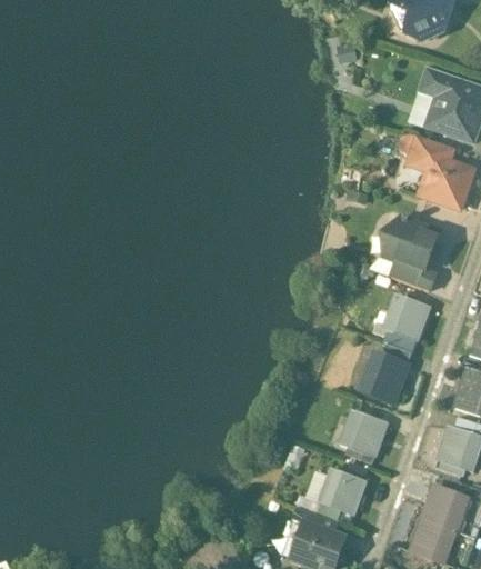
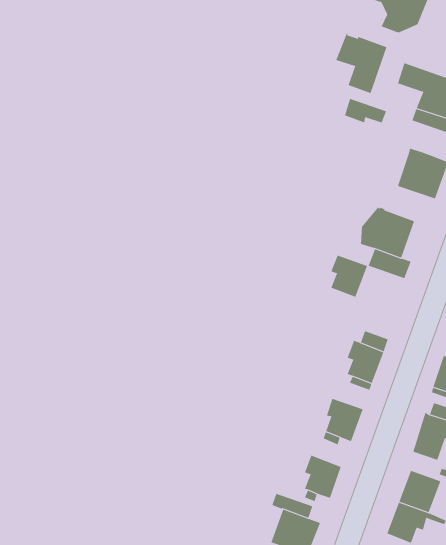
building: none -> [336,33,387,94]
building: [410,137,453,162] -> [344,98,387,123]
building: [390,296,428,339] -> [331,255,368,298]

